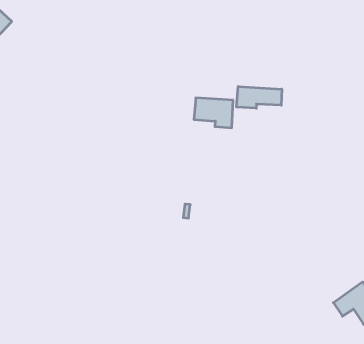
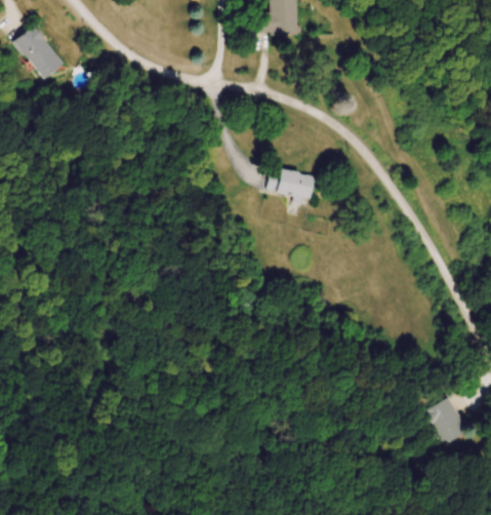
building: [237,86,282,108] -> none

